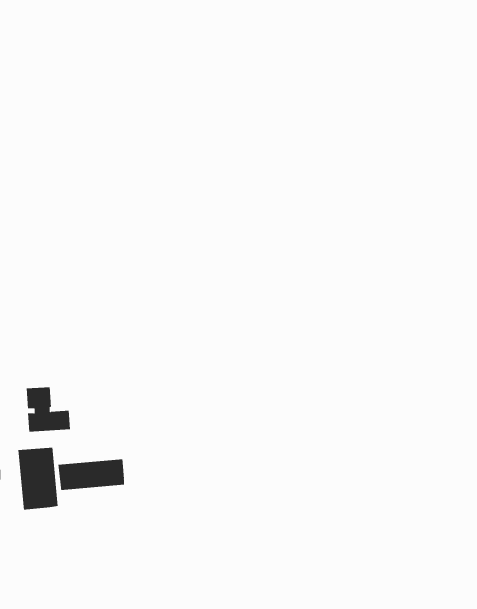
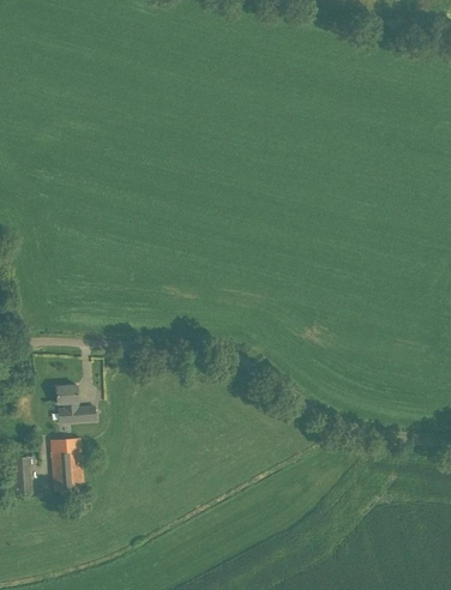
building: [58,458,124,491] -> none

